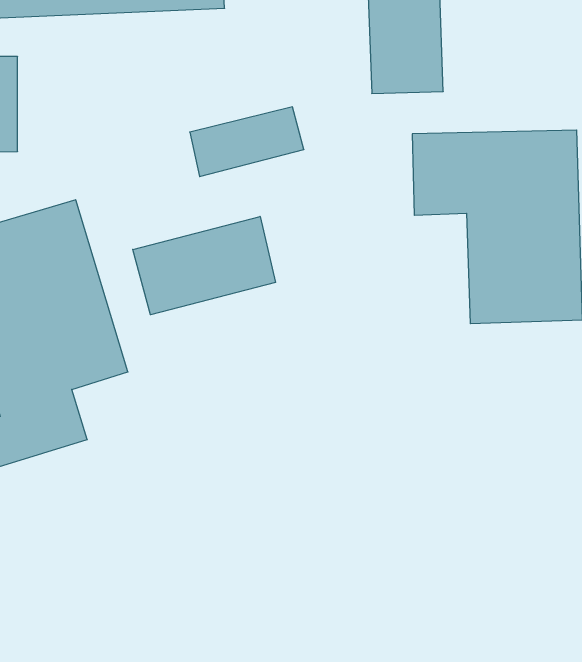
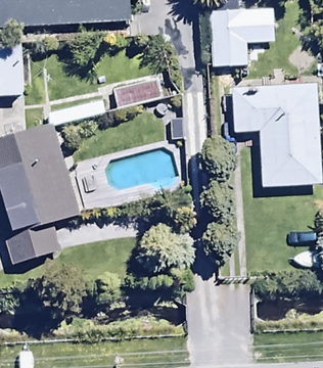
building: [133,216,275,315] -> none

